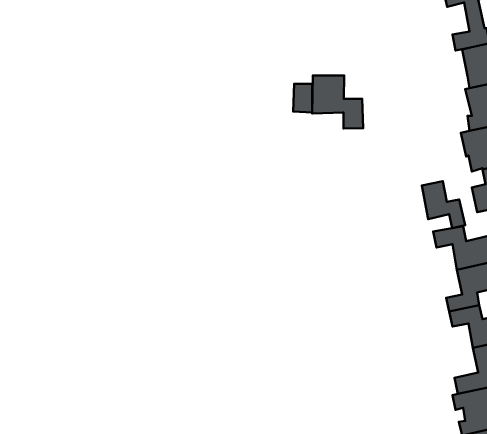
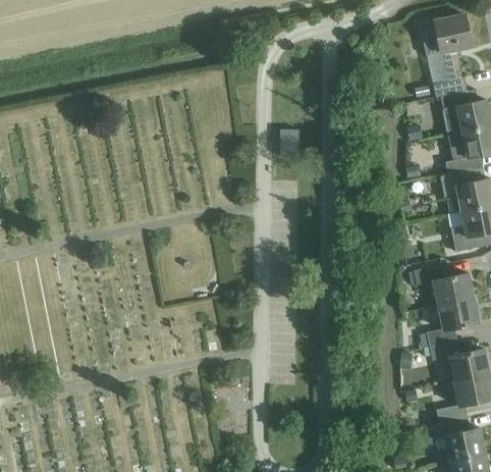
building: [312,76,363,128] -> none
building: [422,181,465,228] -> none

